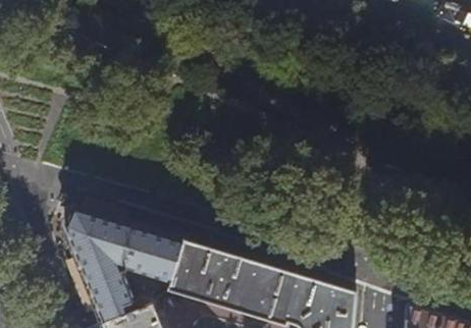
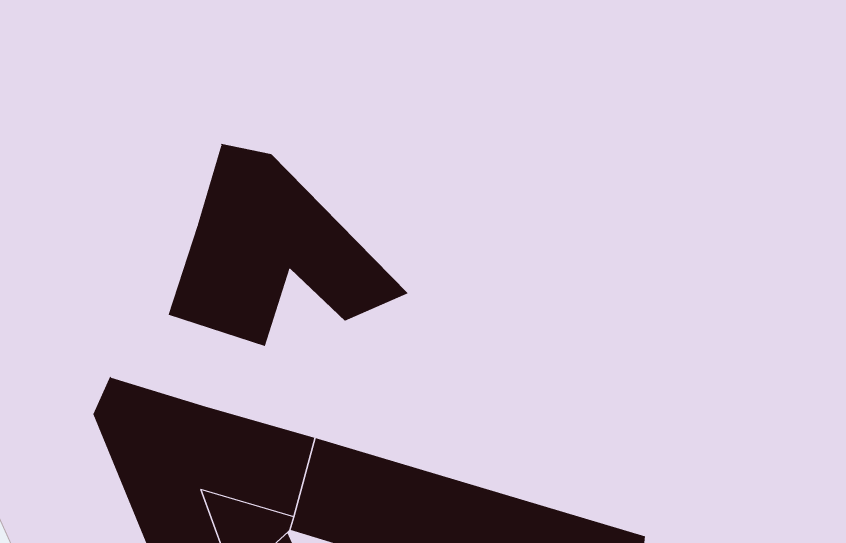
building: none -> [168,143,409,347]

